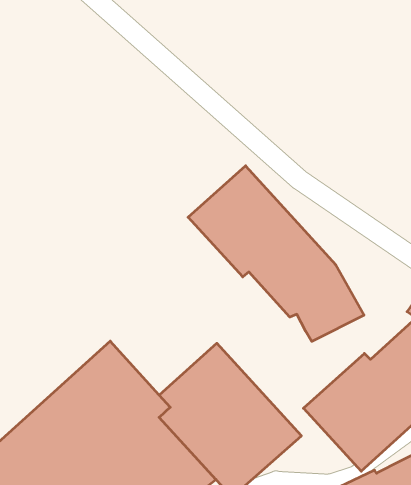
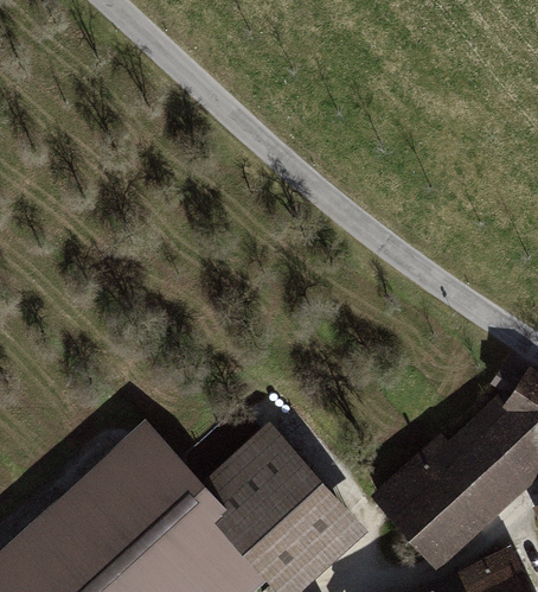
building: [188,166,364,341] -> none

